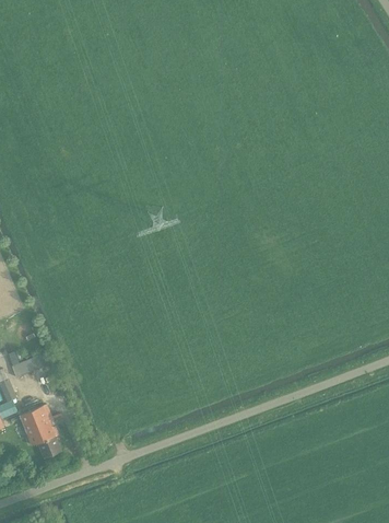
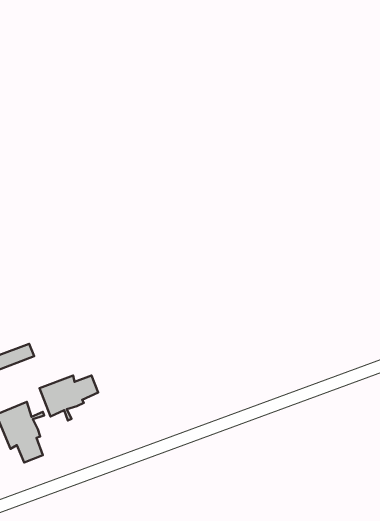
building: none -> [39,376,98,421]

